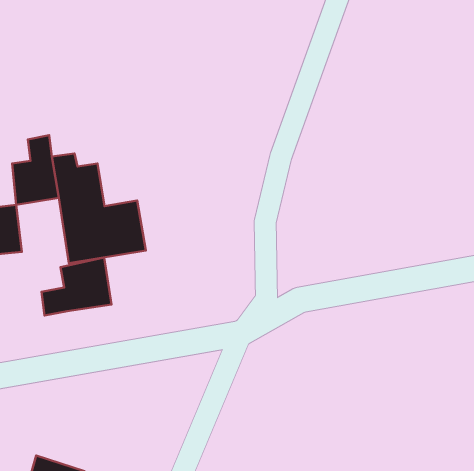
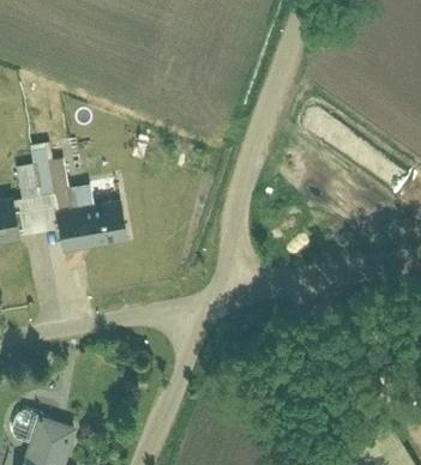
building: [41,257,112,316] -> none

